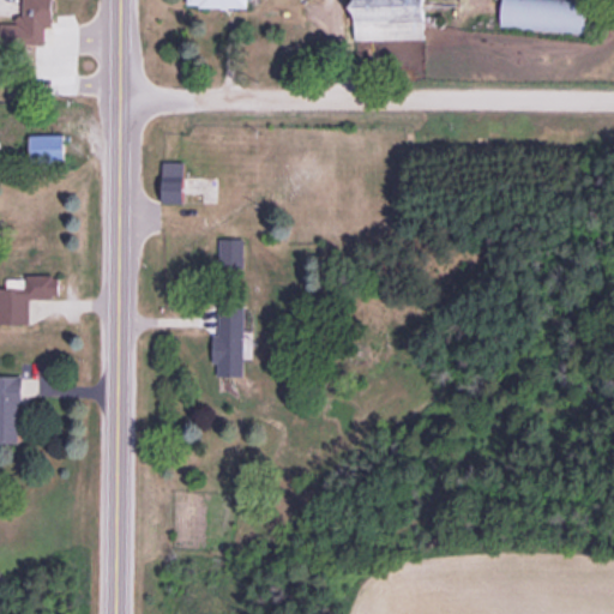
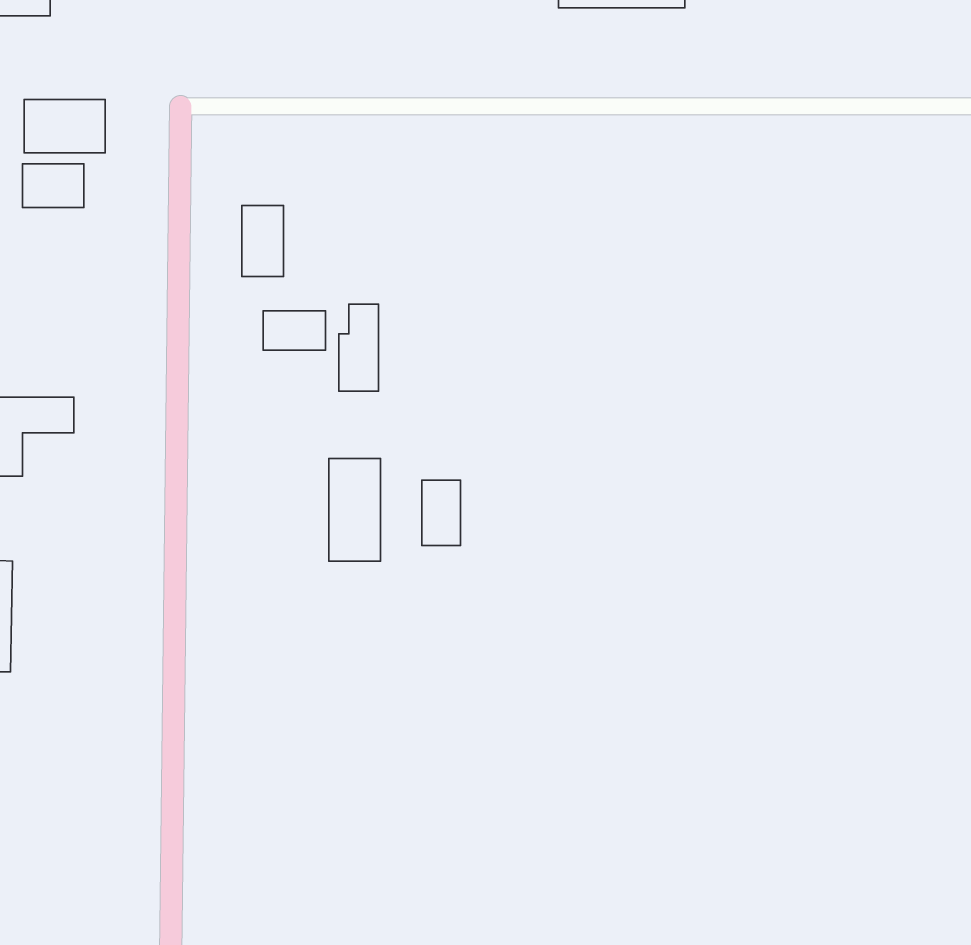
building: none -> [24,100,105,153]
building: none -> [263,311,326,350]
building: none -> [422,480,461,546]

